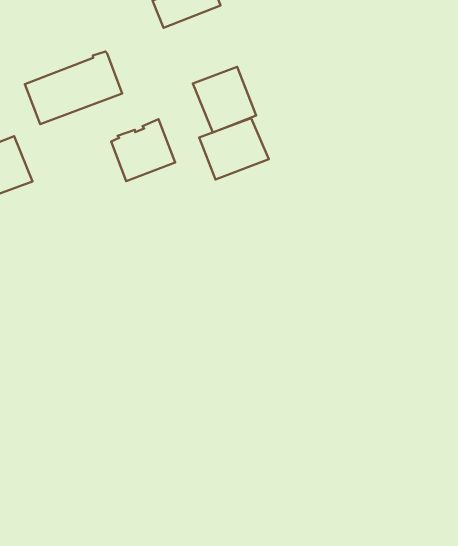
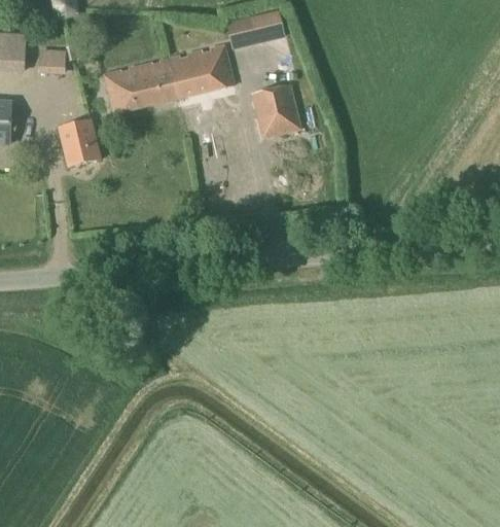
building: [199,118,269,180] -> none
building: [111,119,175,181] -> [180,45,233,95]

